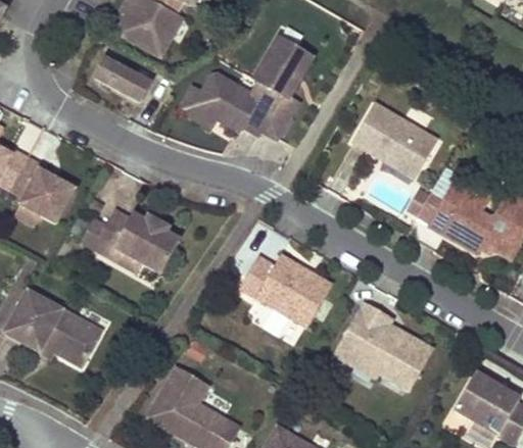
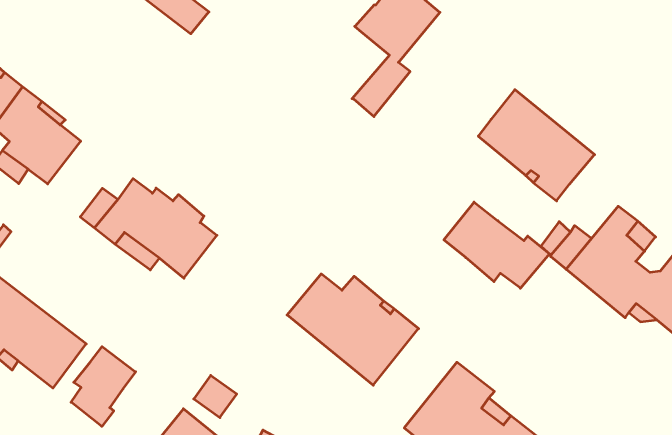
building: [179,74,281,134] -> none
building: none -> [444,202,549,288]
building: none -> [71,347,136,426]

